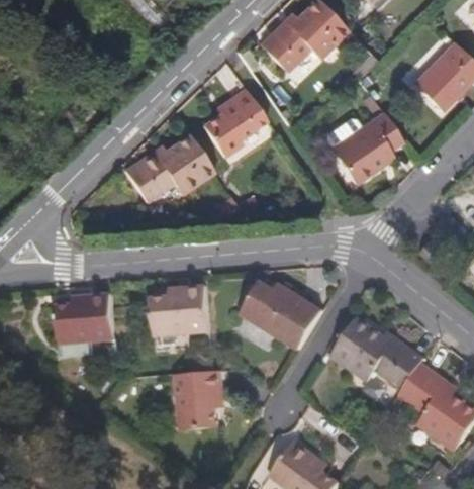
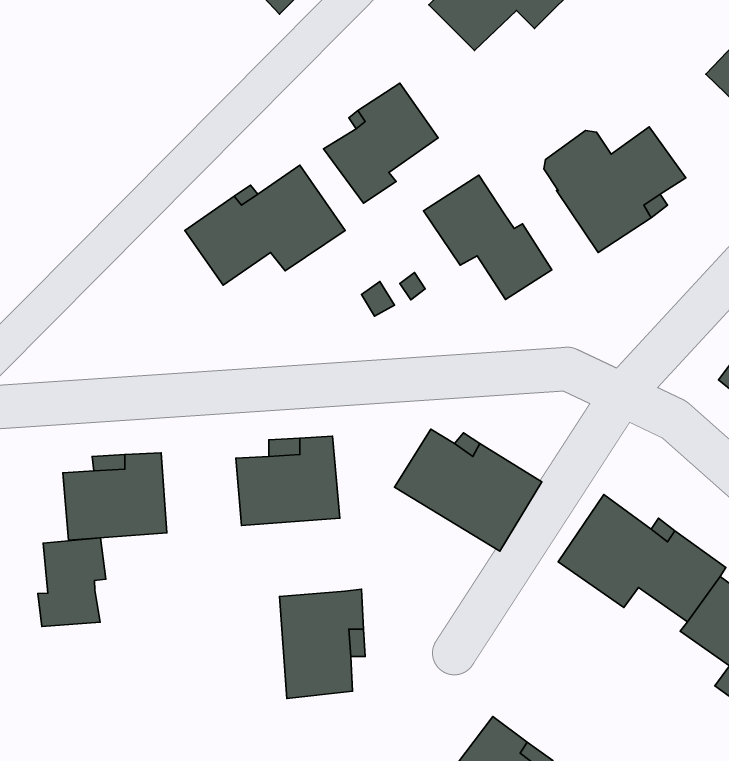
building: none -> [423,175,552,299]
building: none -> [38,538,106,626]

